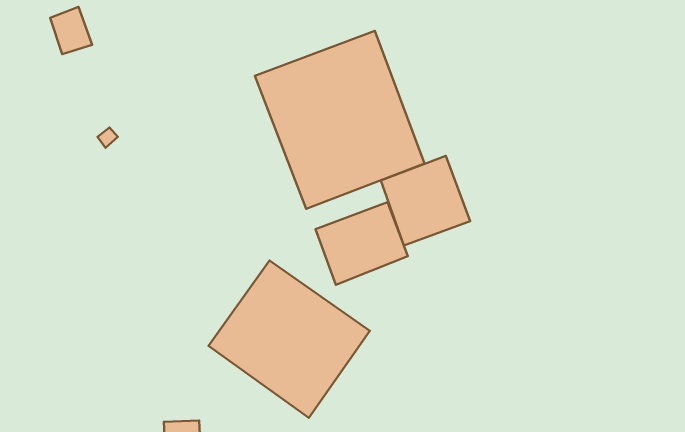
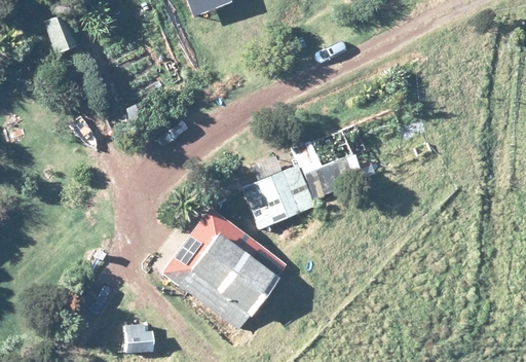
building: [255,31,424,209] -> none

